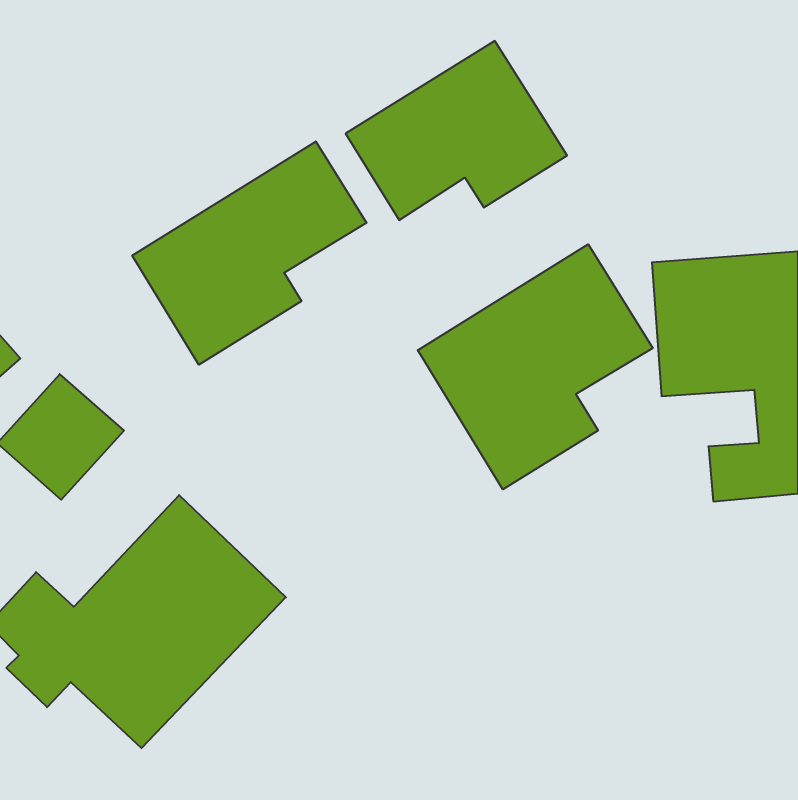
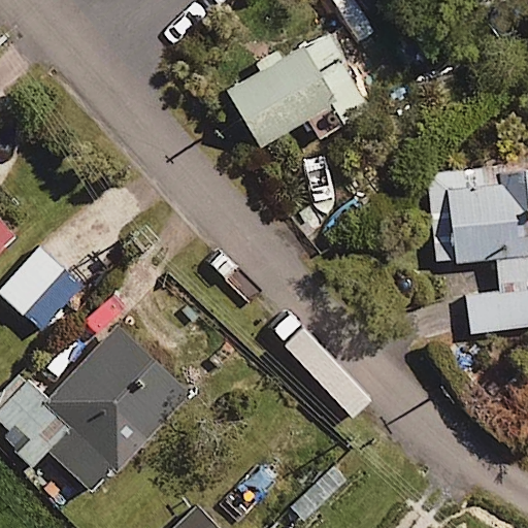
building: [132,141,367,365] -> none
building: [418,244,653,489] -> none

